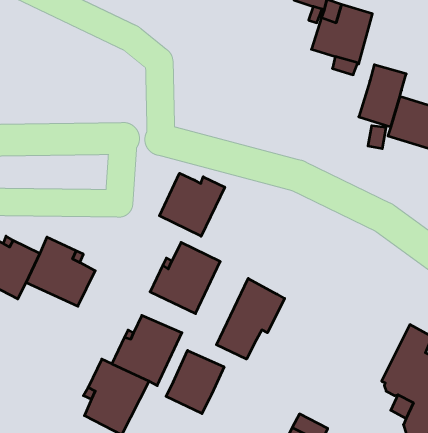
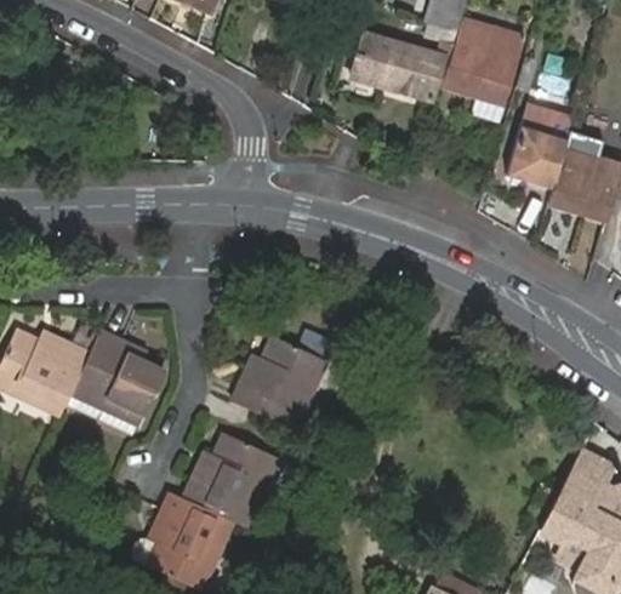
building: none -> [349,28,450,98]
building: [159,173,225,236] -> none
building: [216,278,285,359] -> none
building: [166,350,224,414] -> none

